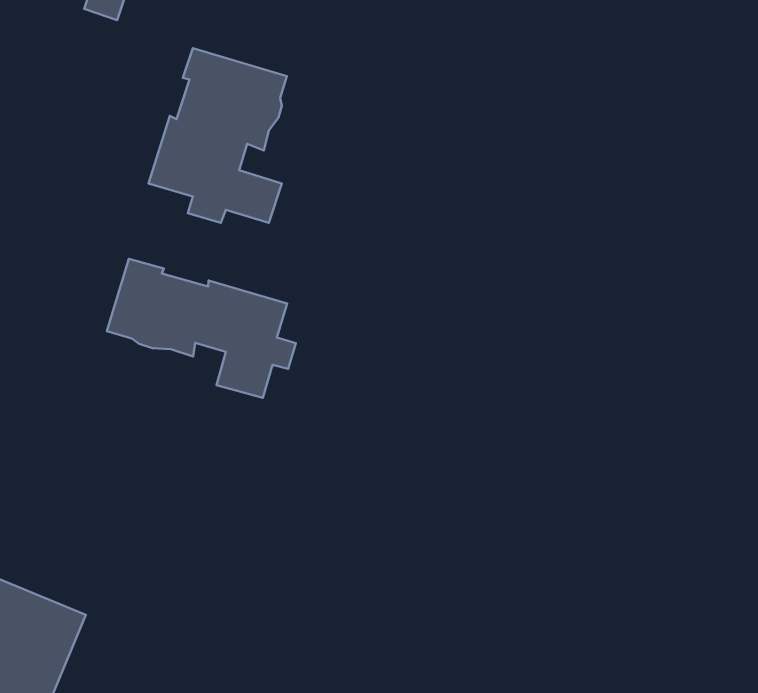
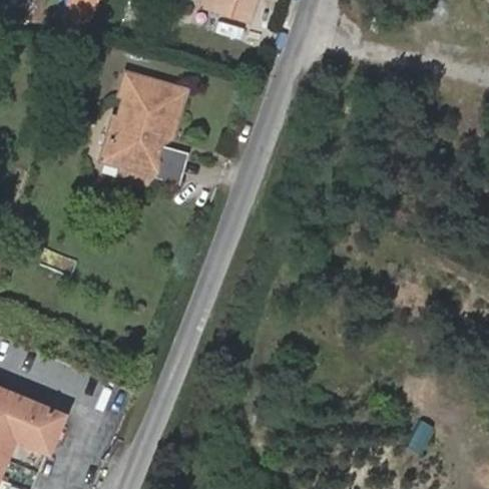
building: [107,259,296,398] -> none

